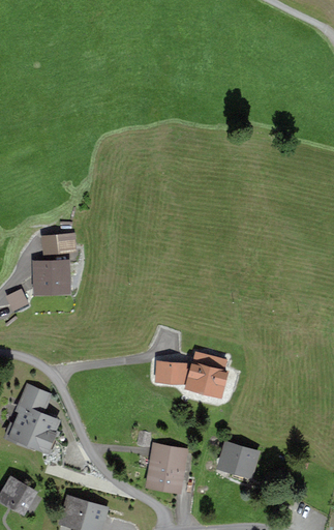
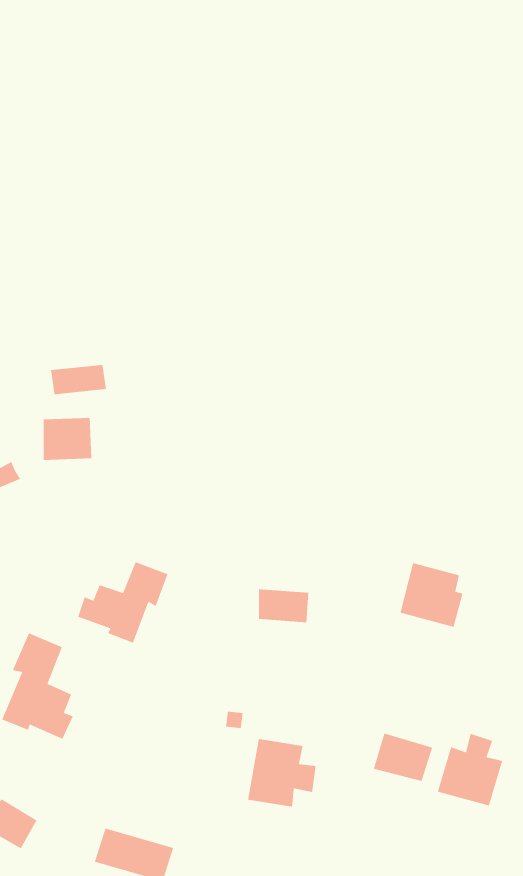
building: none -> [77,561,169,644]
building: [188,355,224,392] -> [400,562,463,628]
building: none -> [437,733,503,807]

